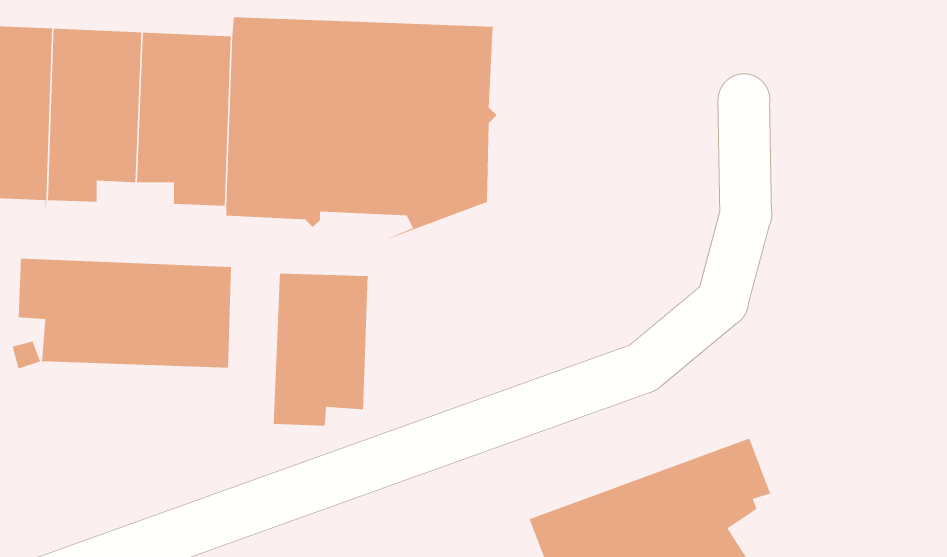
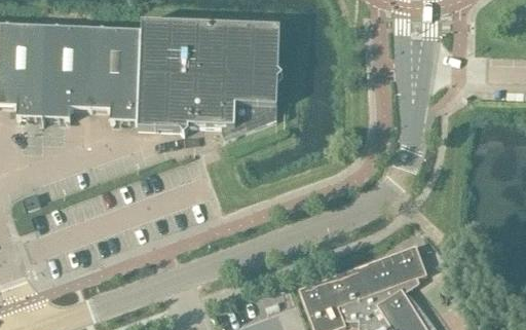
building: [18,258,232,368] -> none
building: [273,273,369,426] -> none

